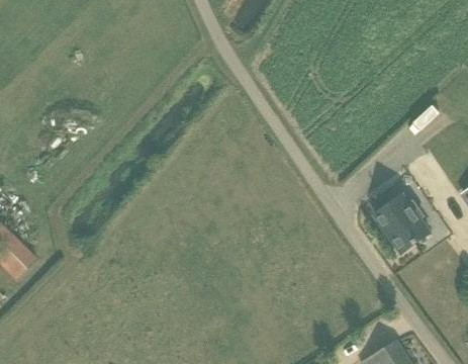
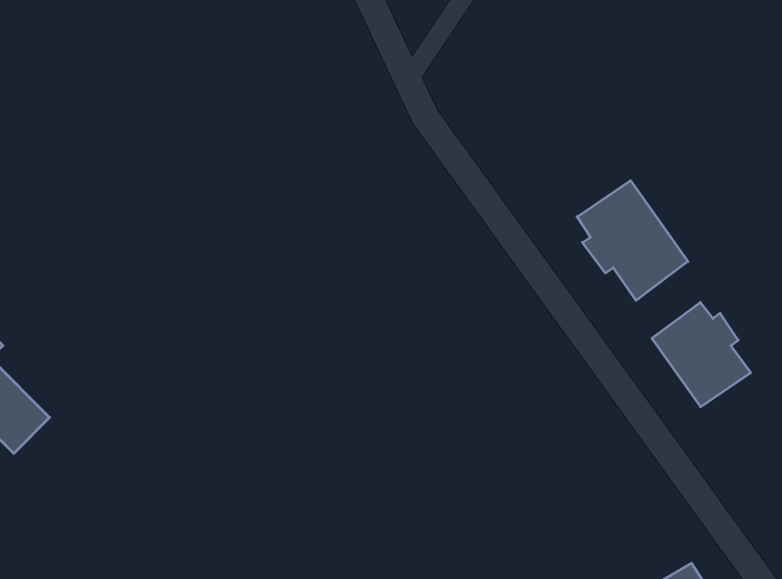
building: none -> [577,181,688,300]

